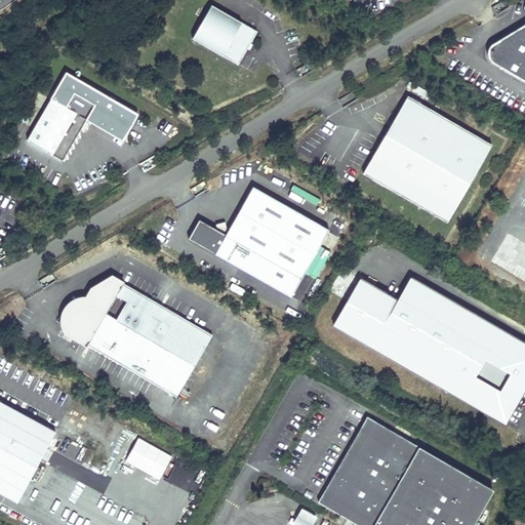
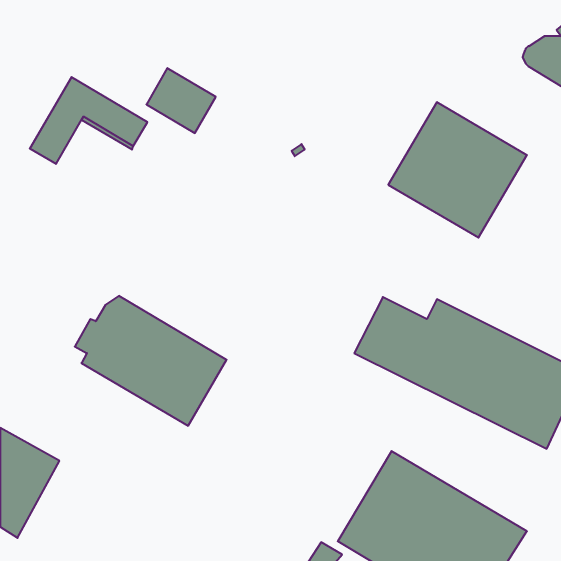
building: [194,5,258,66] -> [146,68,216,133]
building: [189,188,330,297] -> none
building: [62,298,85,339] -> none
building: [125,439,172,480] -> none

